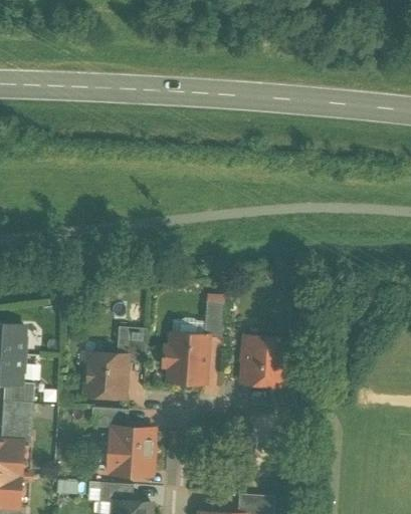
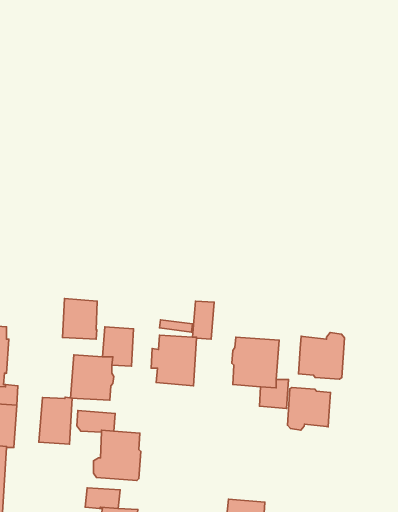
building: none -> [62,299,97,339]
building: none -> [299,332,345,379]
building: none -> [287,387,331,430]
building: none -> [39,397,72,444]

